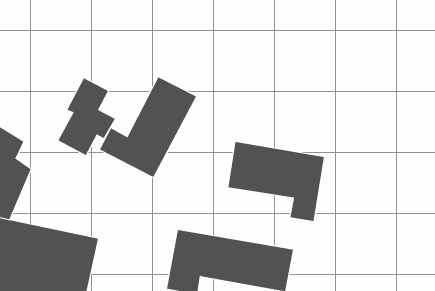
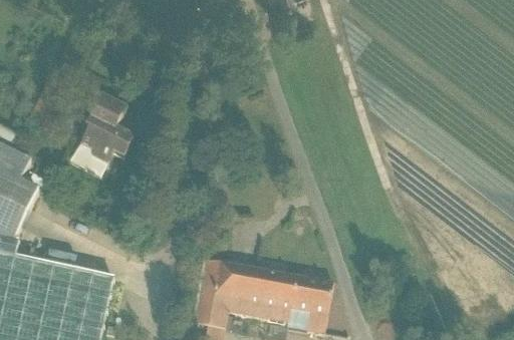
building: [99,76,197,178] -> none
building: [228,141,324,222] -> none

